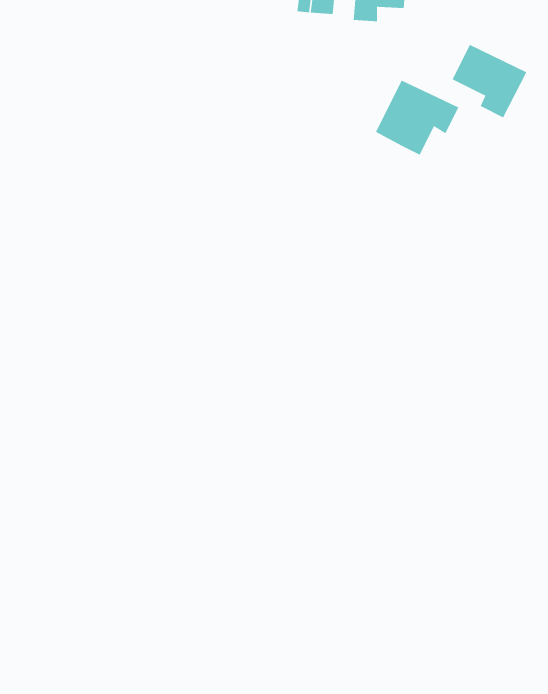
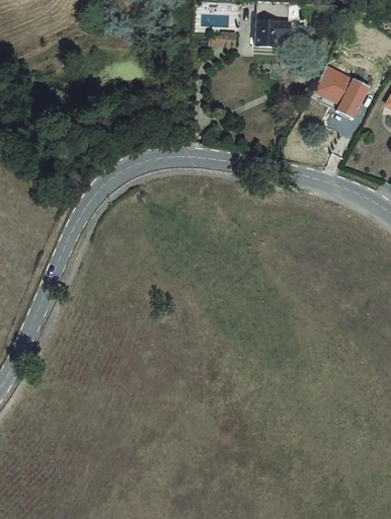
building: [375,80,459,156] -> none

